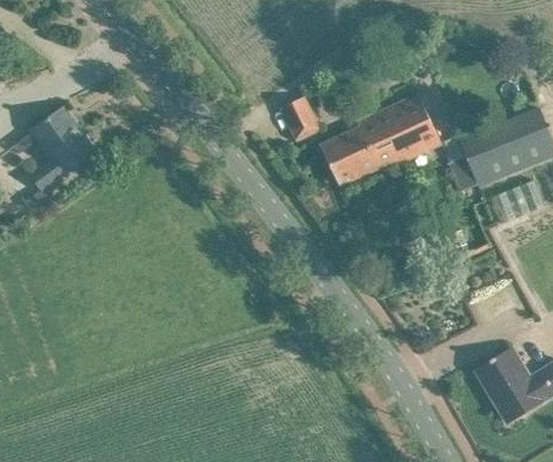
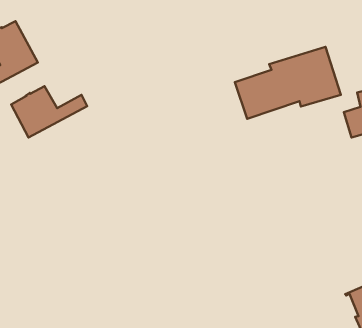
building: [281,99,319,140] -> none
building: none -> [11,86,87,137]

